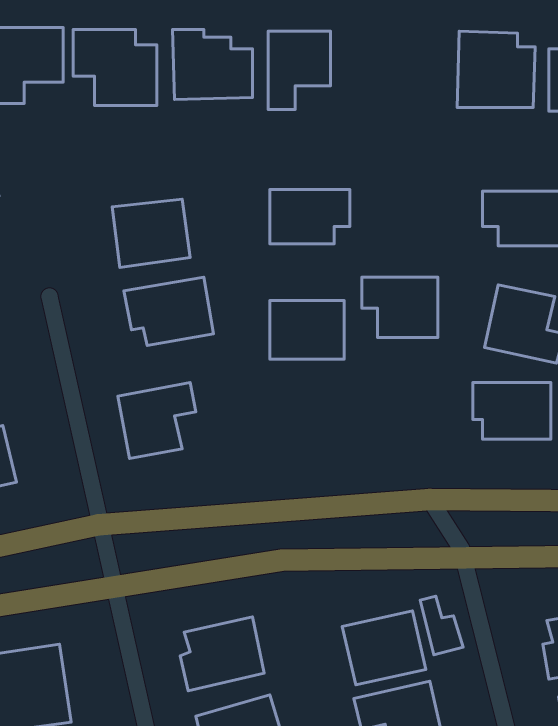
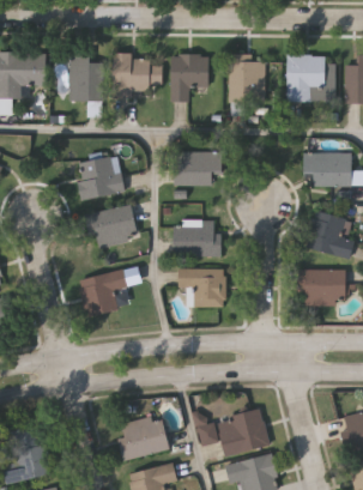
building: none -> [229,55,256,102]
building: [362,277,438,338] -> [177,268,224,306]
building: [420,596,463,655] -> [194,412,220,448]

